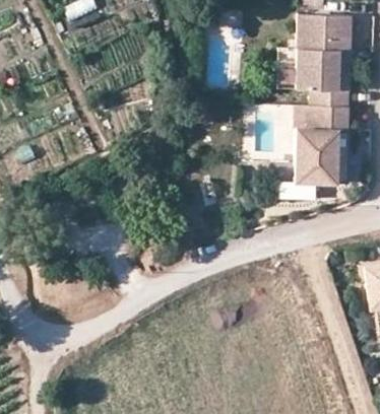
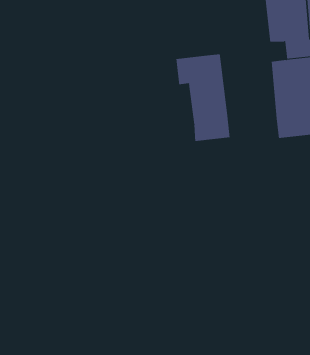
building: none -> [176,54,230,142]

